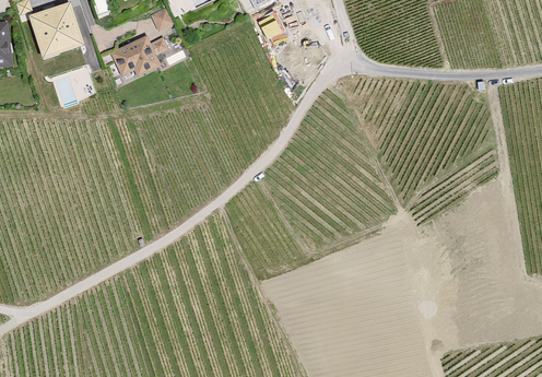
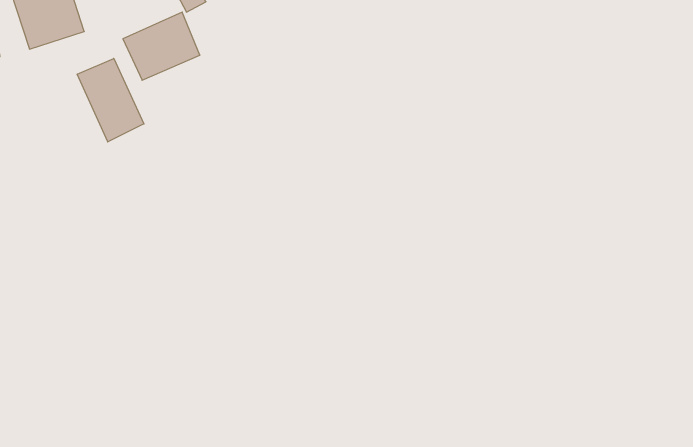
building: none -> [77,58,144,142]

